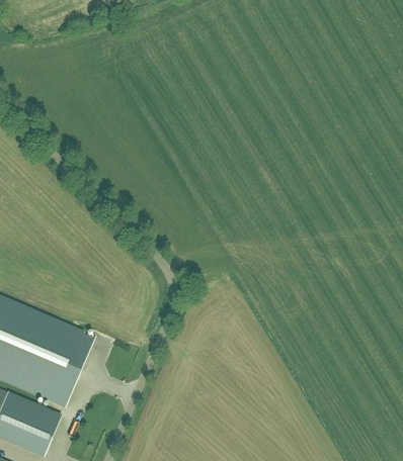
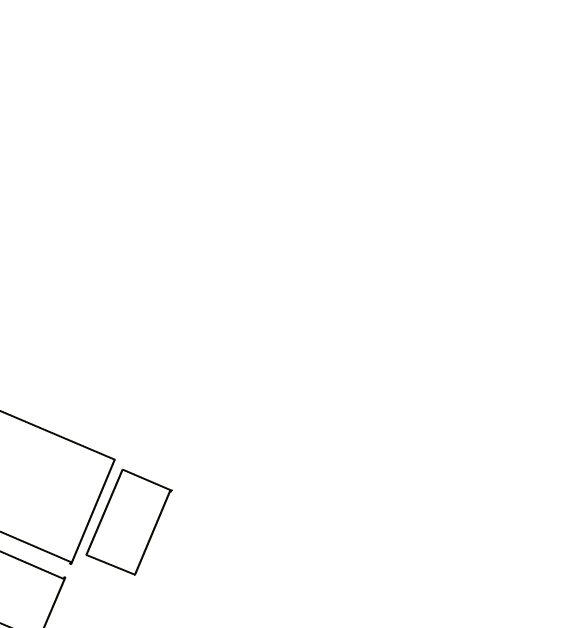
building: none -> [87,470,172,575]

